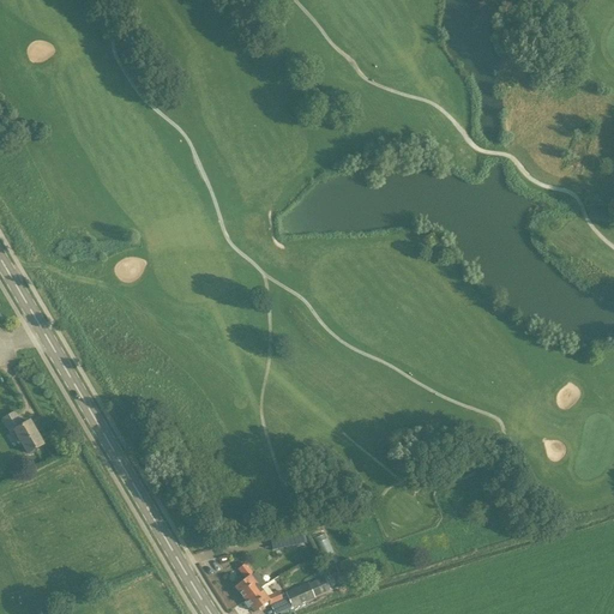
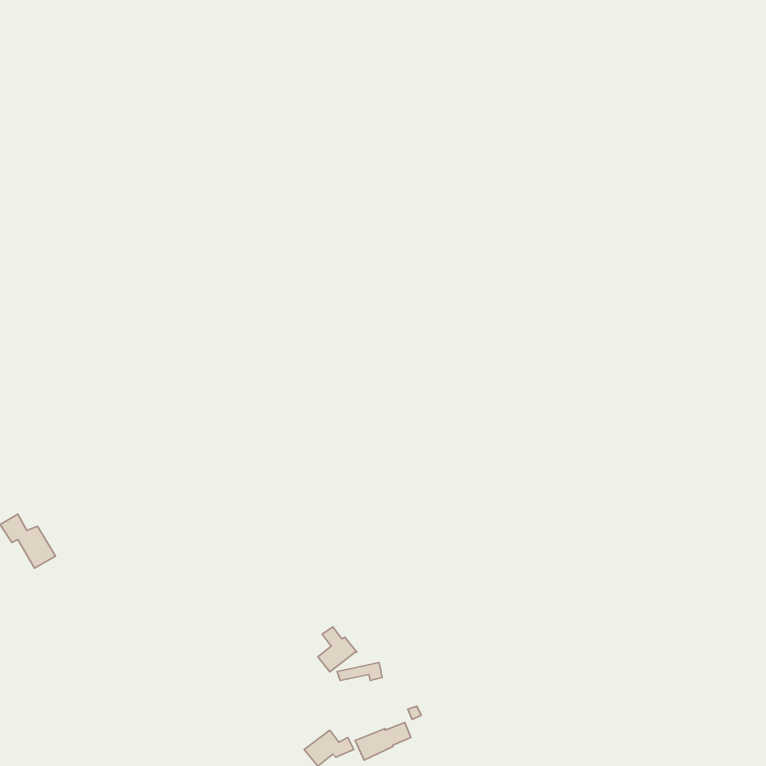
building: [234,564,265,600] -> [318,627,357,672]

